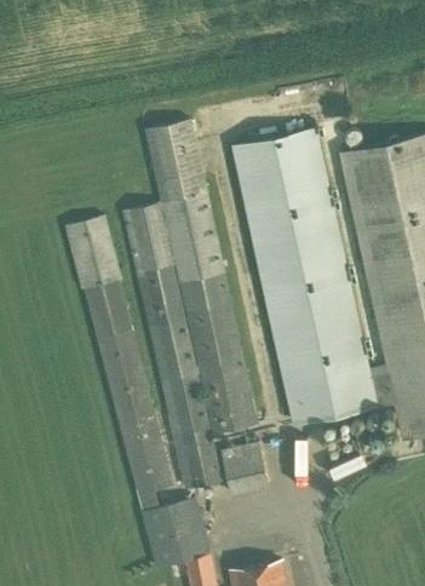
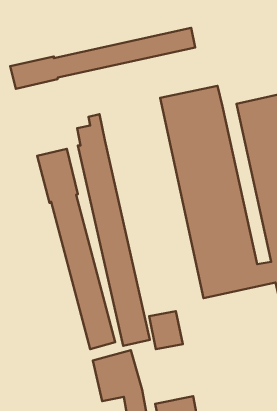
building: none -> [10,28,195,89]
building: [144,120,257,436] -> none

